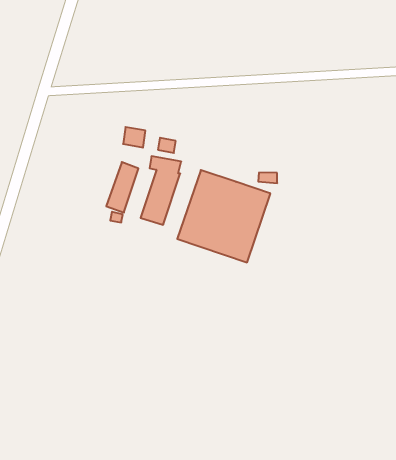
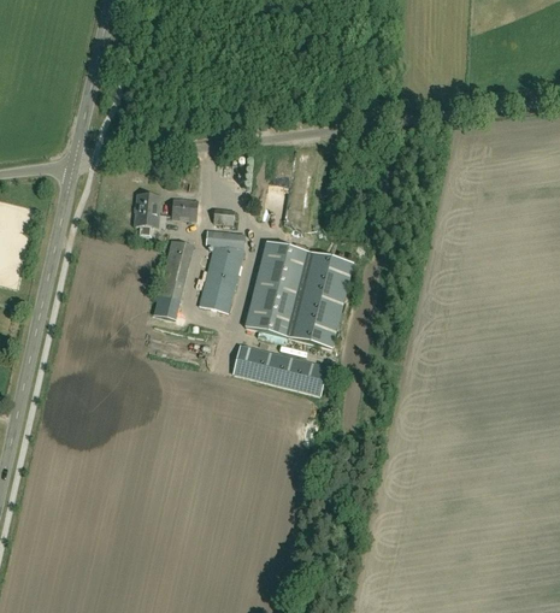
building: none -> [134,193,160,235]
building: none -> [234,344,328,394]

